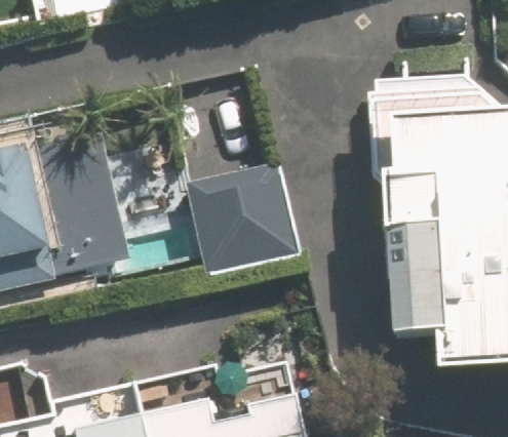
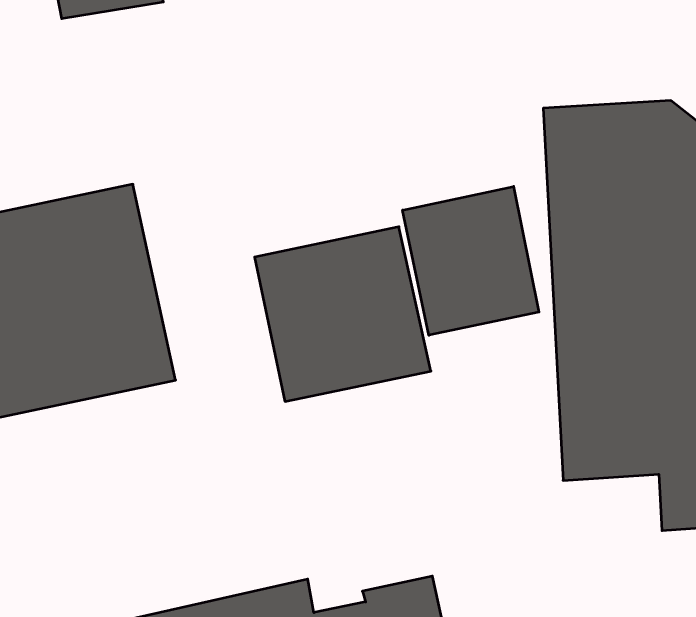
building: none -> [403,186,539,335]

